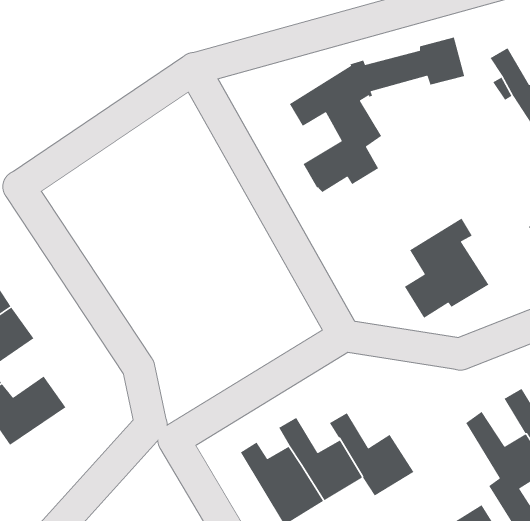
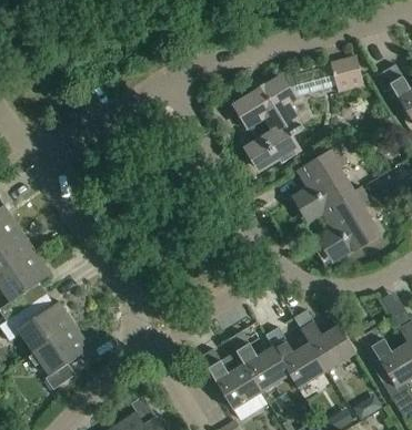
building: none -> [294,146,361,218]
building: none -> [293,309,355,370]
building: none -> [33,324,90,389]

